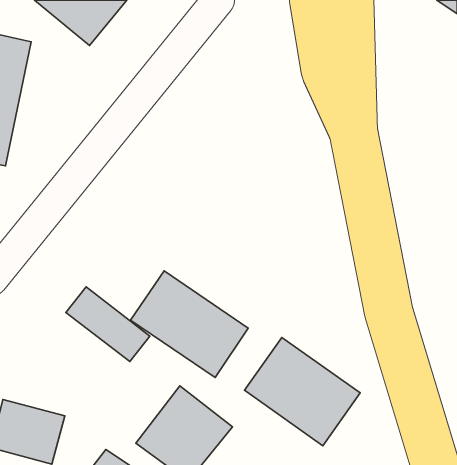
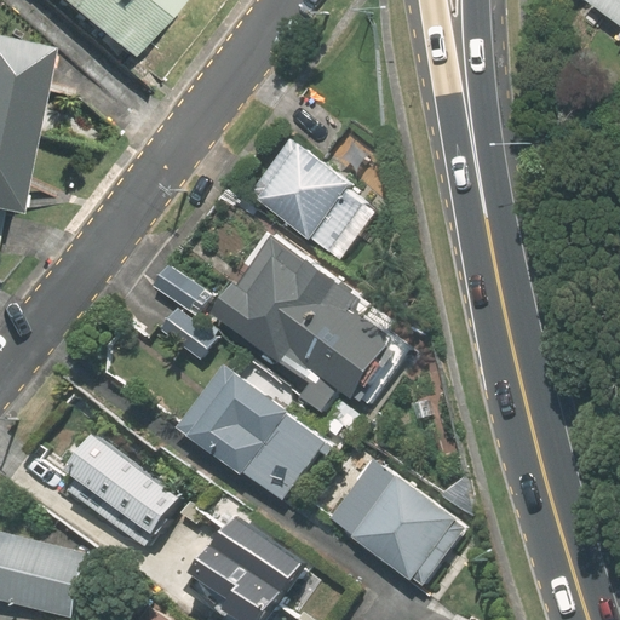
building: none -> [242,134,372,259]
building: none -> [214,232,396,413]
building: [66,287,150,362] -> [69,432,180,532]

